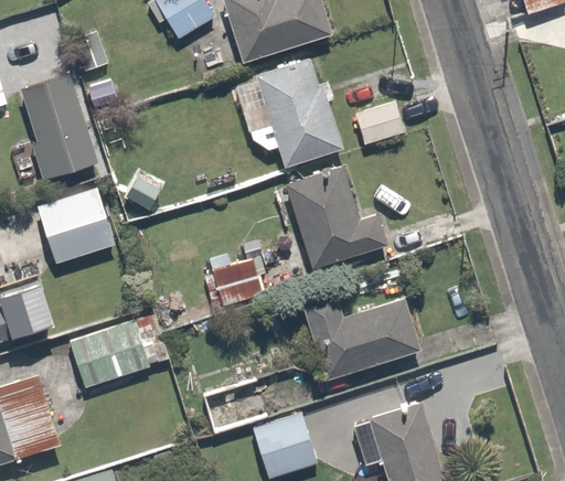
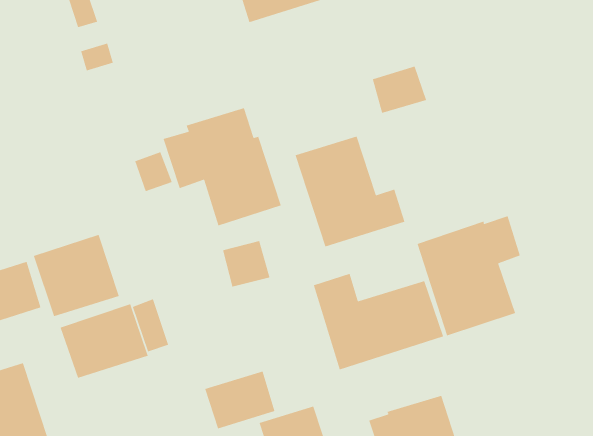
building: [234,58,343,168] -> [162,107,282,226]
building: [20,73,98,179] -> none
building: [36,188,116,264] -> [33,234,120,317]
building: none -> [417,215,521,336]

